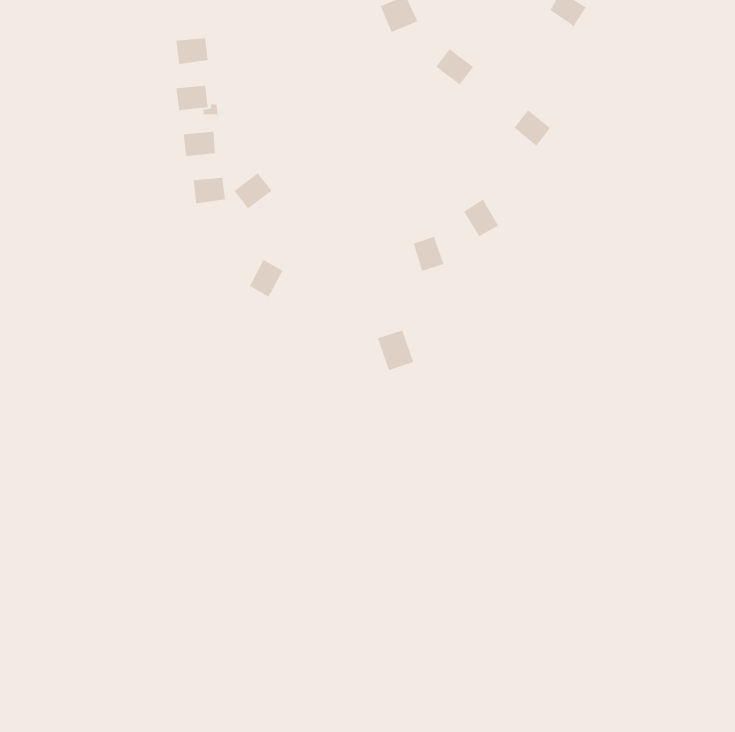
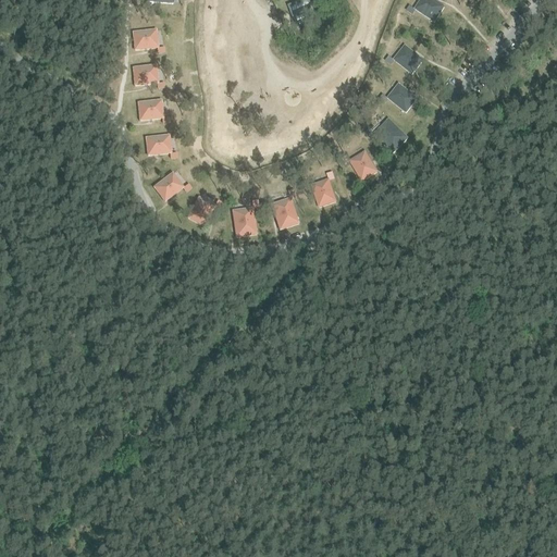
building: [435,48,474,86] -> [394,45,423,73]
building: none -> [374,119,408,151]
building: [234,172,272,210] -> [153,172,183,200]
building: none -> [233,207,257,236]
building: [377,329,414,371] -> [271,197,299,228]

